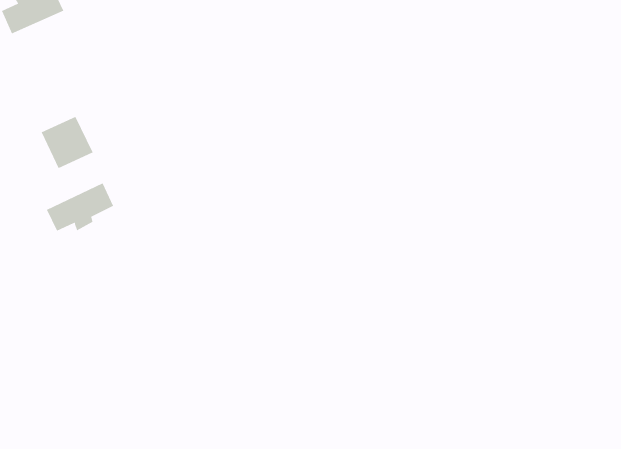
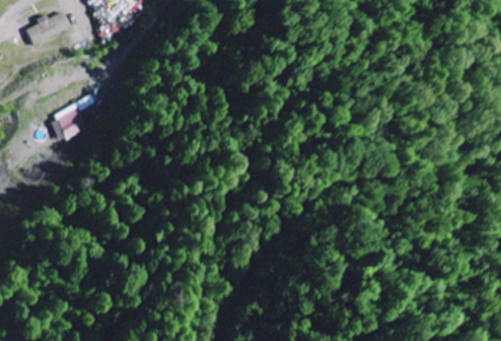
building: [46,182,114,232] -> none

